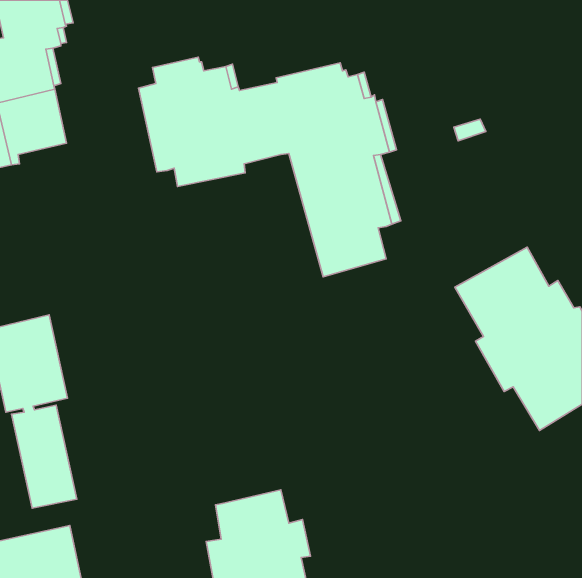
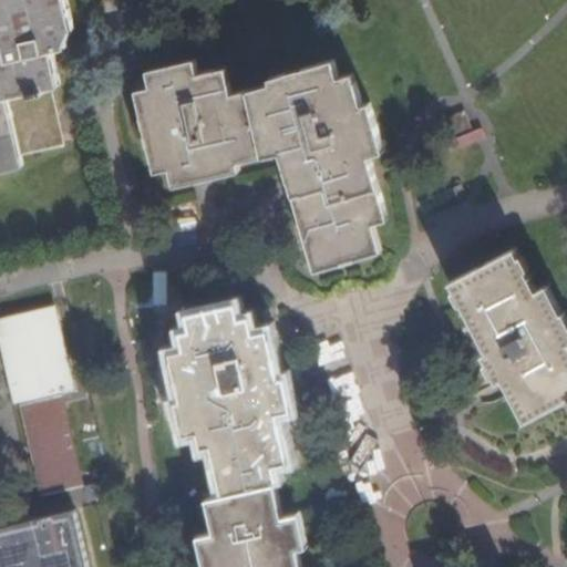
building: none -> [163,300,286,494]

